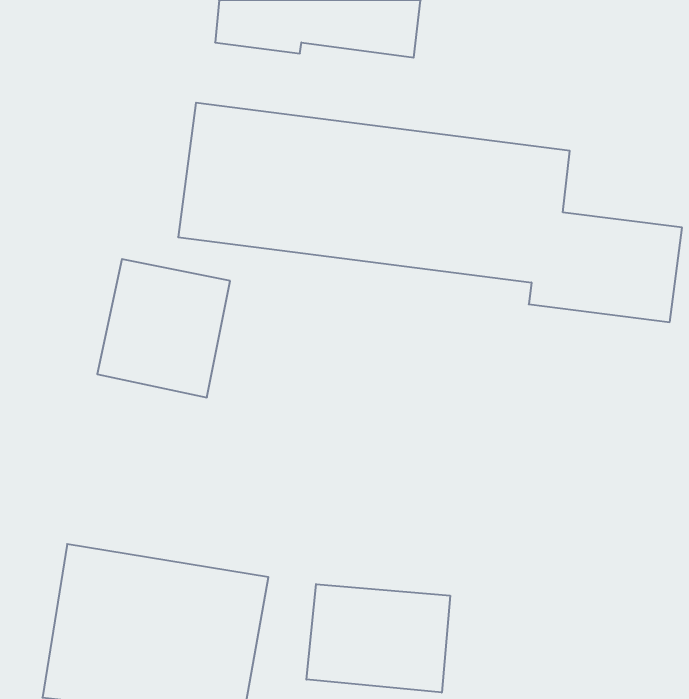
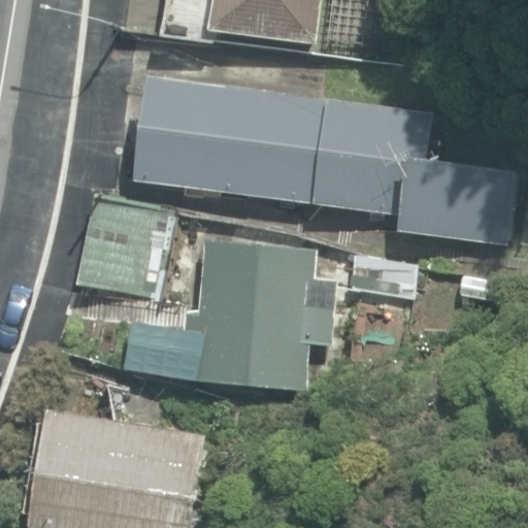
building: none -> [188,237,327,391]
building: [306,584,450,693] -> none

